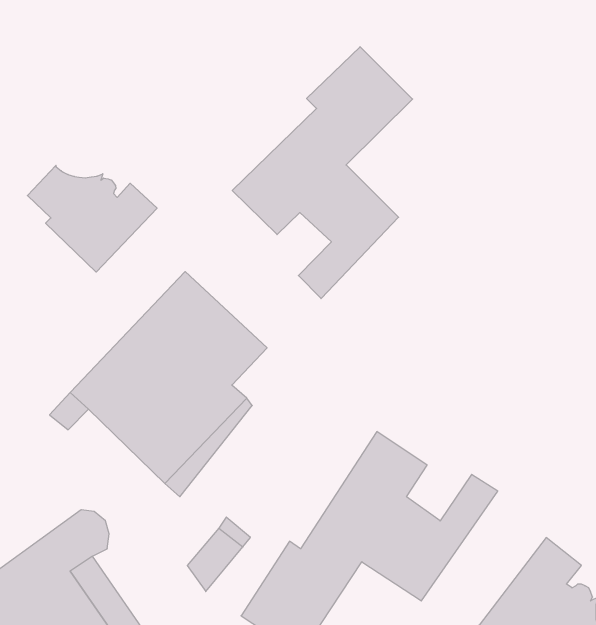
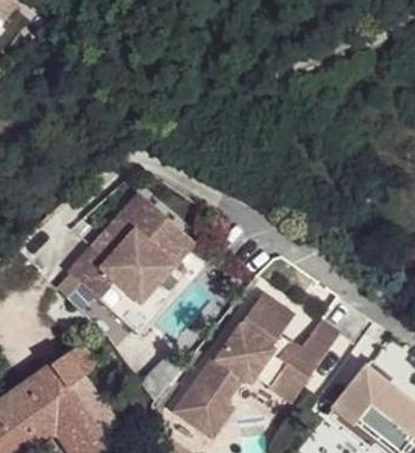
building: [232,47,413,299] -> none
building: [27,165,157,272] -> none

